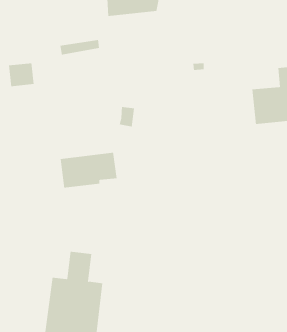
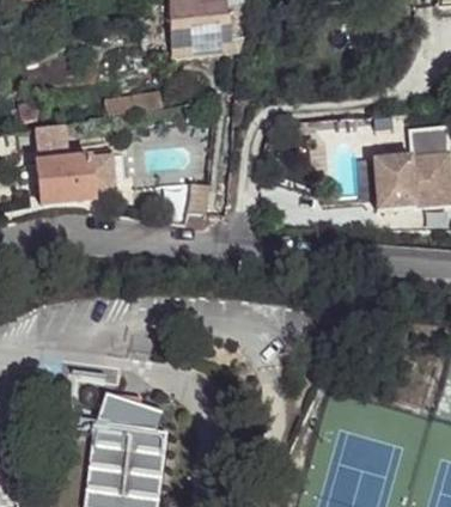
building: [60,152,117,188] -> [36,153,116,203]

